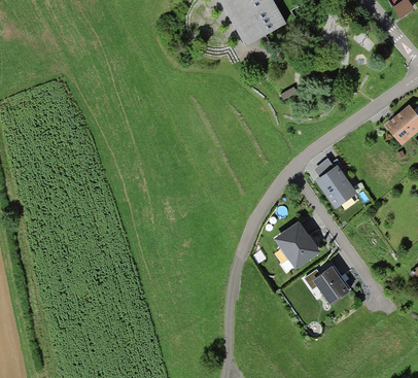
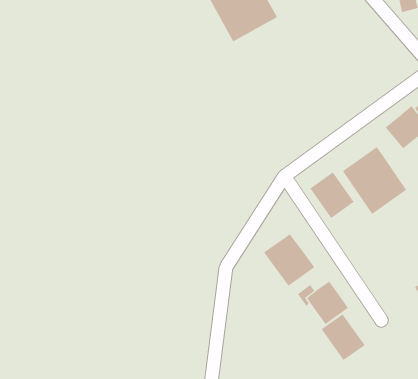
building: none -> [342,146,407,215]
building: none -> [321,313,365,361]

